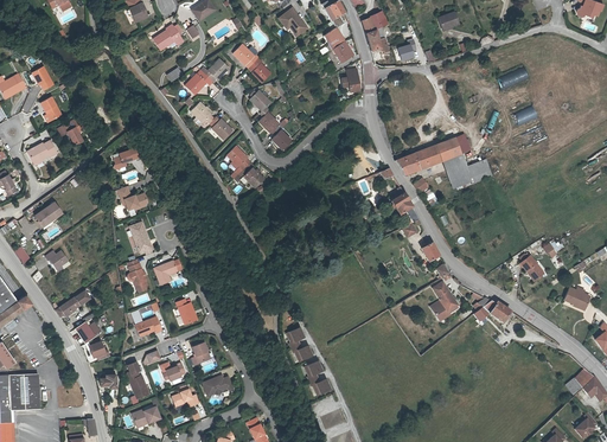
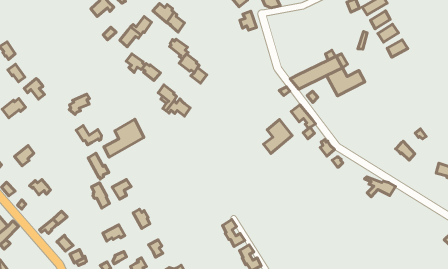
building: none -> [104,119,144,157]
building: none -> [264,119,292,153]
building: [430,280,458,319] -> none

